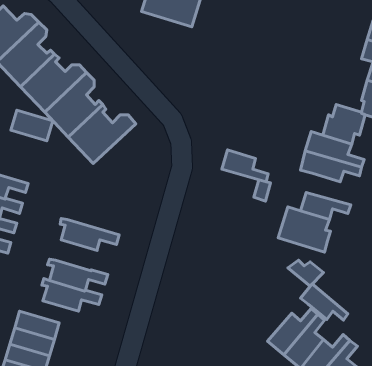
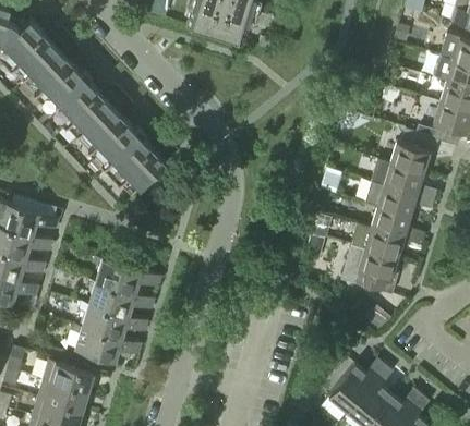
building: [11,110,53,141] -> none
building: [222,150,268,182] -> [372,206,424,242]
building: none -> [87,280,155,316]
building: [301,284,348,320] -> none

